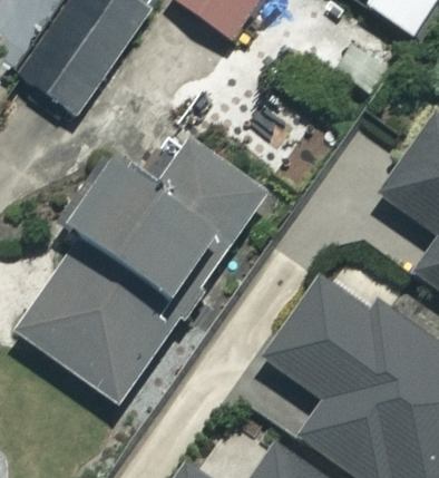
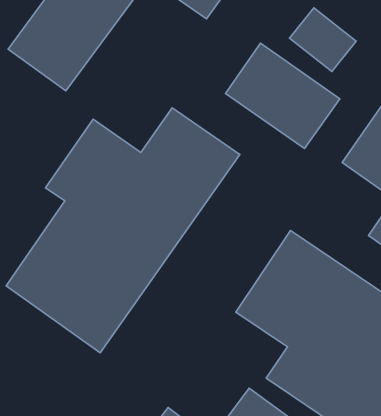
building: none -> [226,43,340,149]

